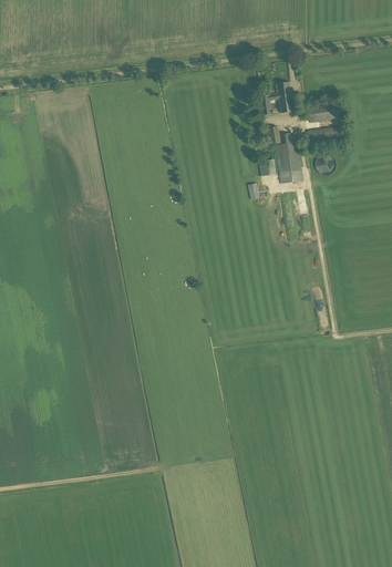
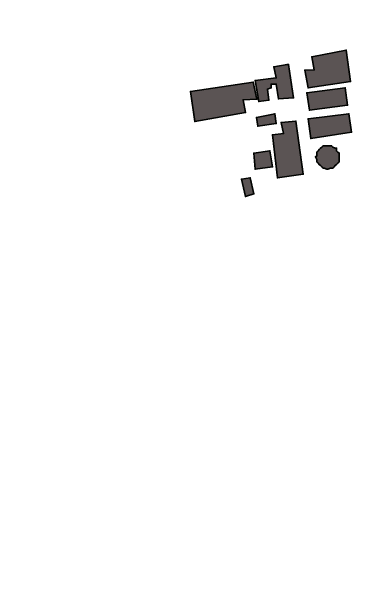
building: none -> [305,50,351,88]
building: none -> [191,82,257,121]

